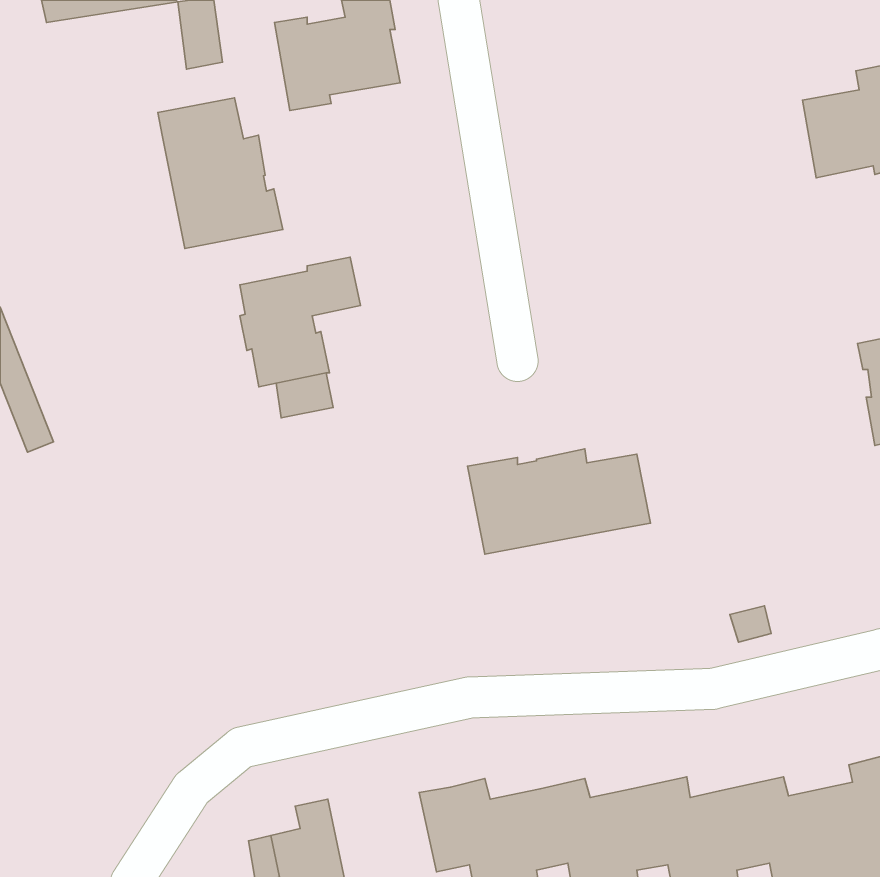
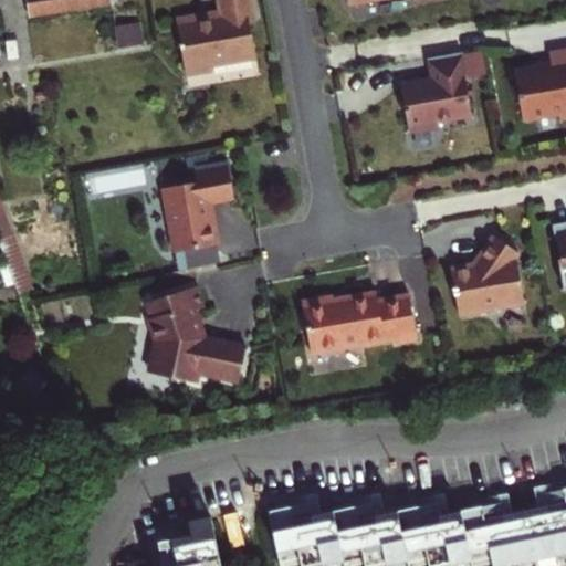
building: none -> [398,49,472,129]
building: [158,98,283,249] -> none
building: none -> [450,232,524,313]
building: none -> [150,286,249,384]

